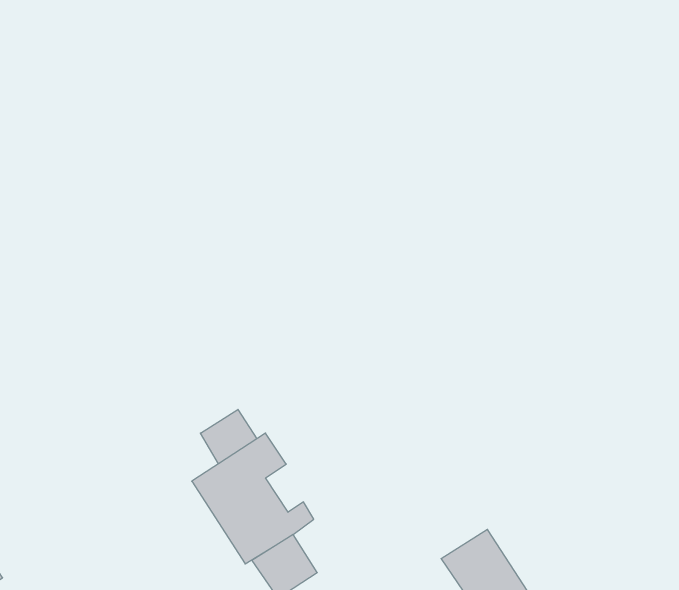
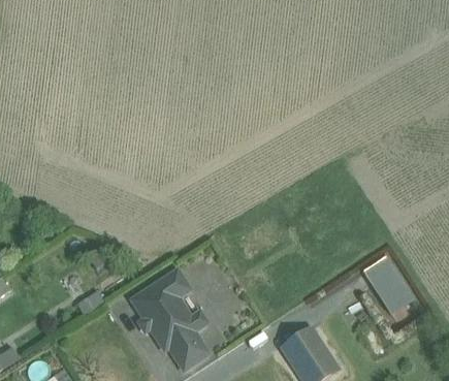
building: none -> [362,254,416,314]
building: [200,409,257,464] -> none

